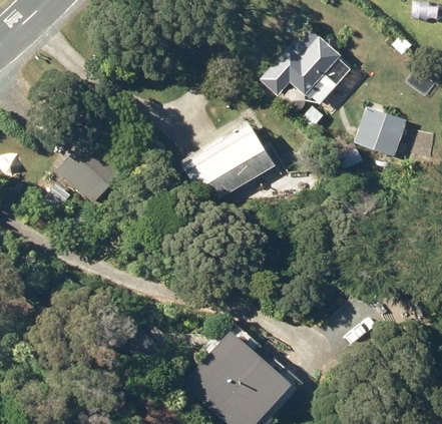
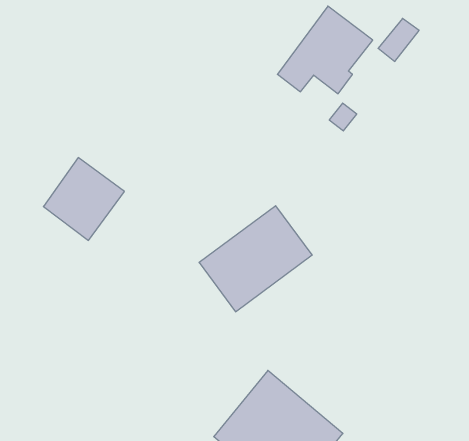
building: [355,108,406,158] -> none
building: [181,123,276,208] -> [199,206,312,312]

